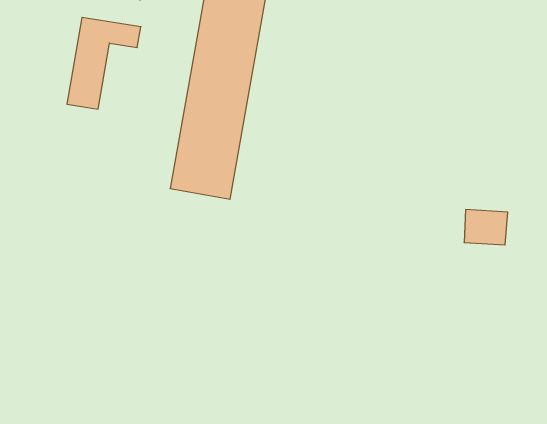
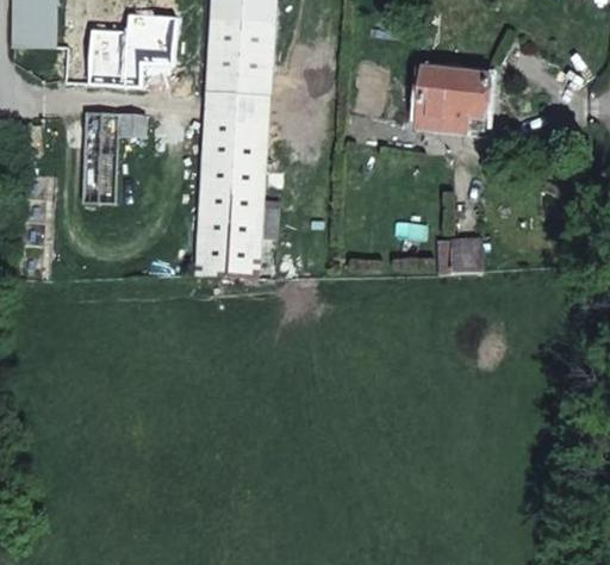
building: none -> [417,69,488,129]
building: [464,210,508,245] -> [437,236,481,272]

